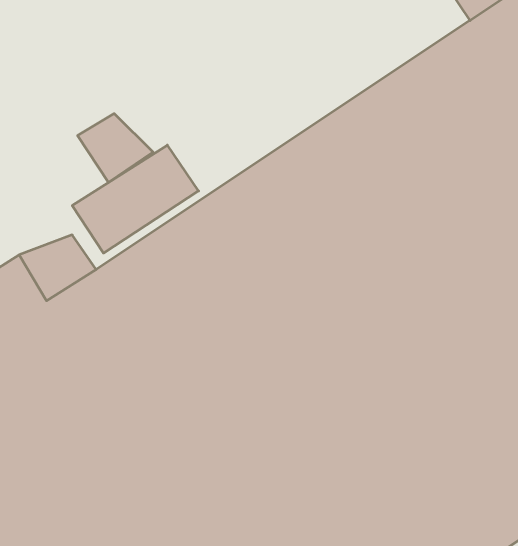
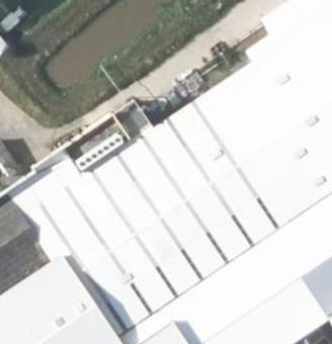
building: [78,114,153,183] -> none

